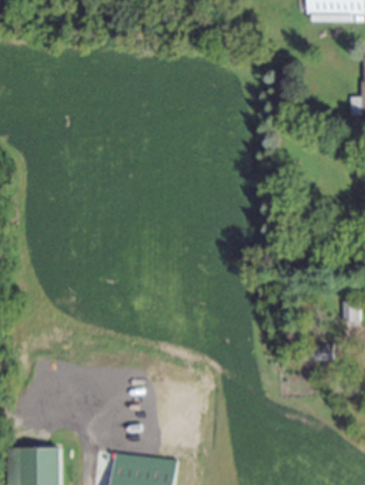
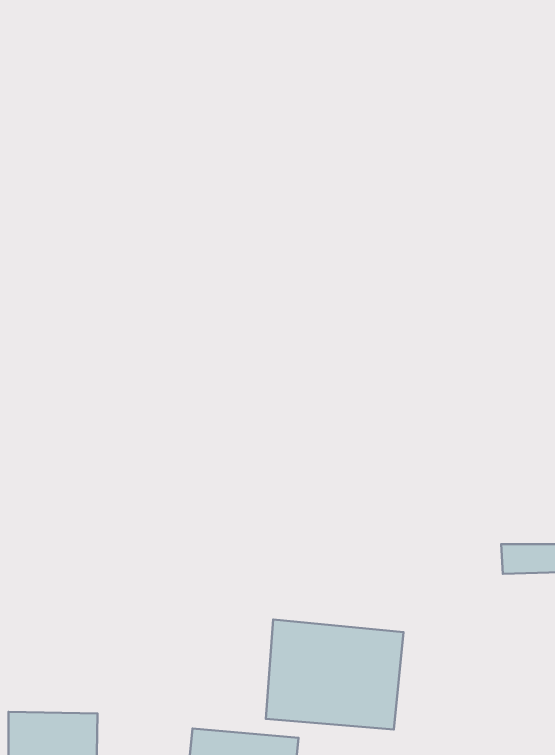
building: none -> [266,619,403,729]

